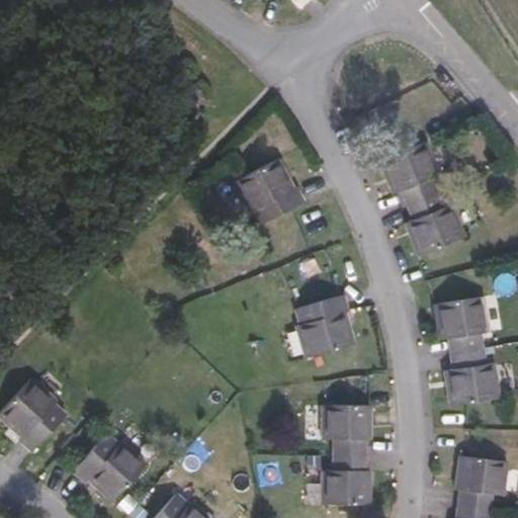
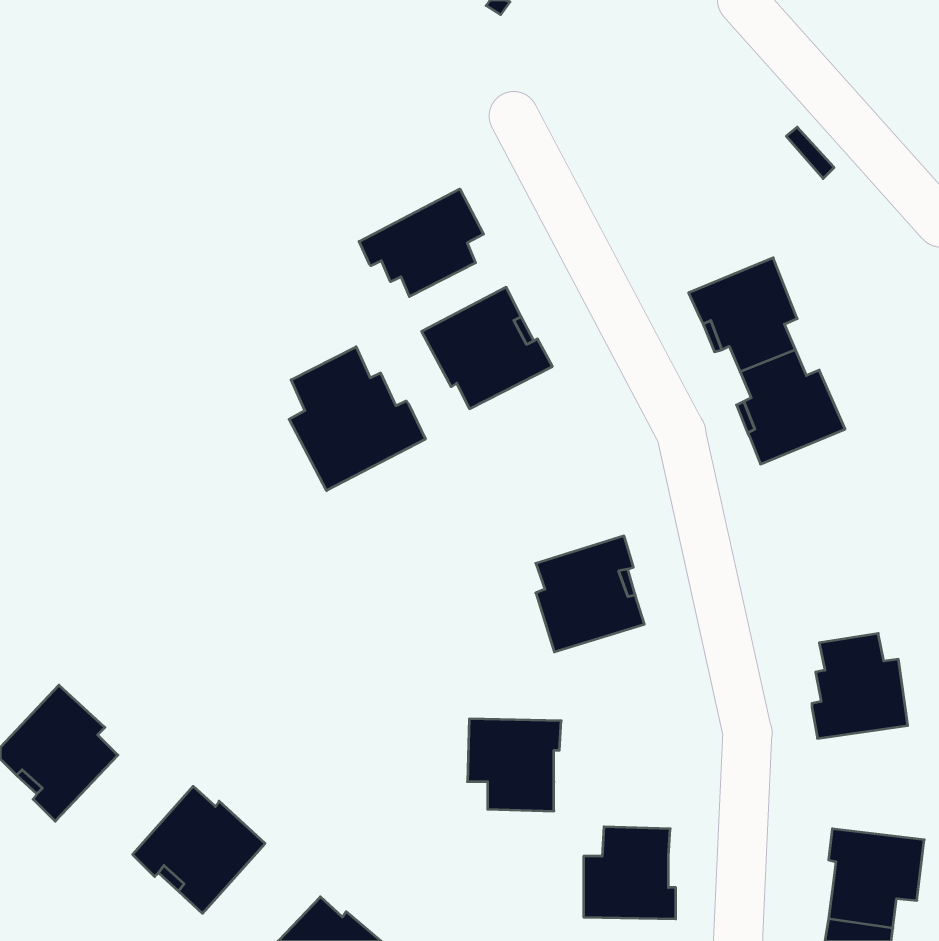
building: none -> [359,189,484,297]
building: none -> [289,347,425,491]
building: [435,296,490,353] -> none
building: [322,405,373,455] -> [467,719,561,811]

